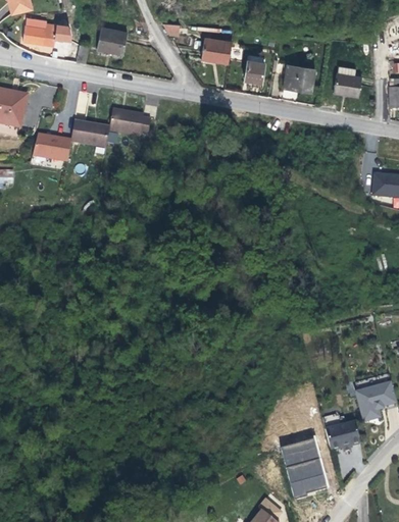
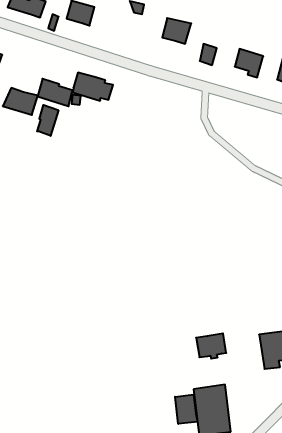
building: none -> [37,105,58,136]
building: [318,417,354,447] -> [196,333,226,359]
building: none -> [175,395,198,424]

